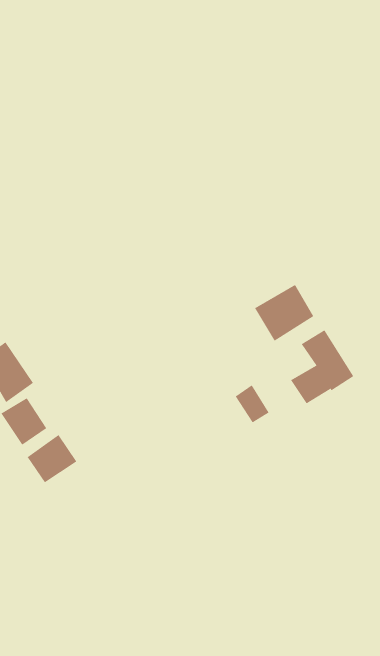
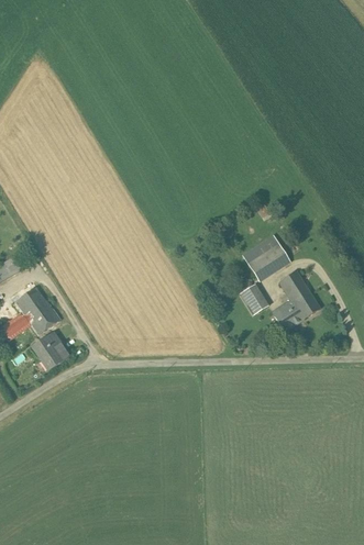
building: [235,384,269,423] -> [241,285,269,316]
building: [27,434,77,483] -> none

